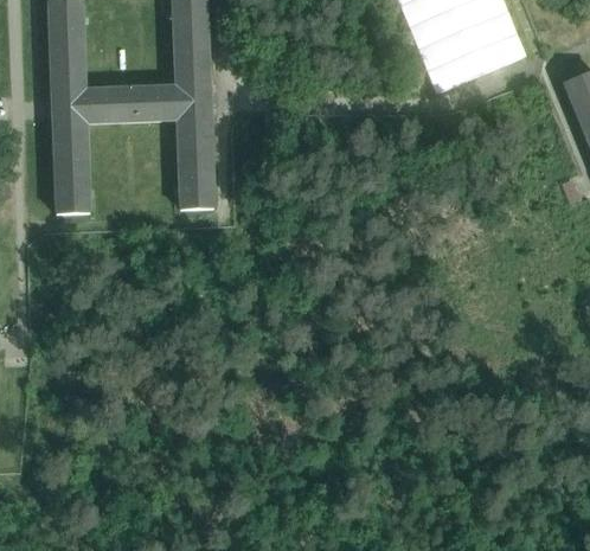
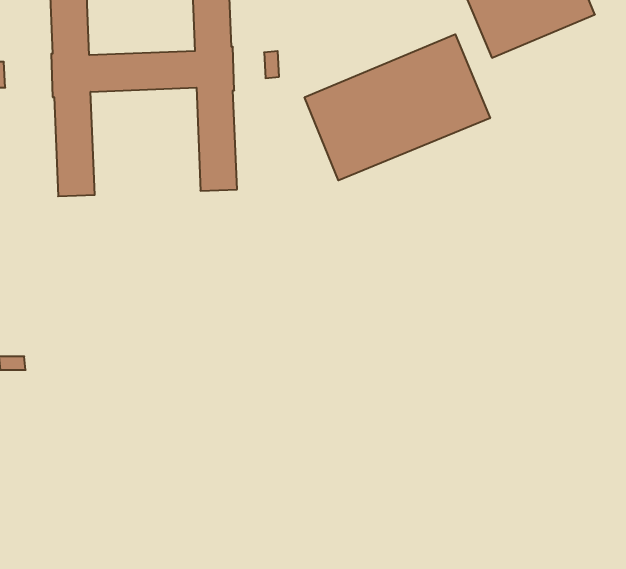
building: none -> [305,34,490,180]

